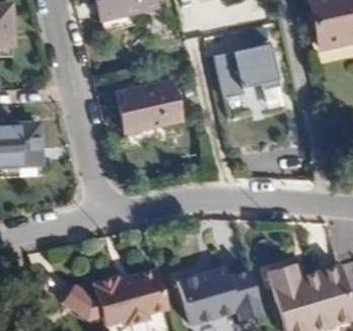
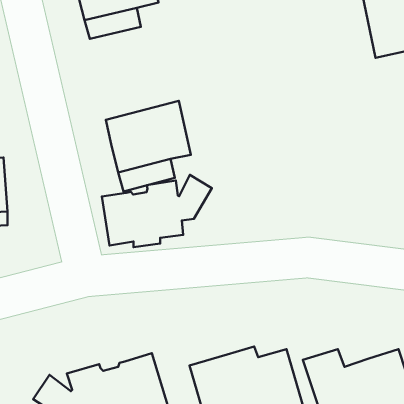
building: [215,42,281,97] -> none
building: none -> [102,175,212,247]

